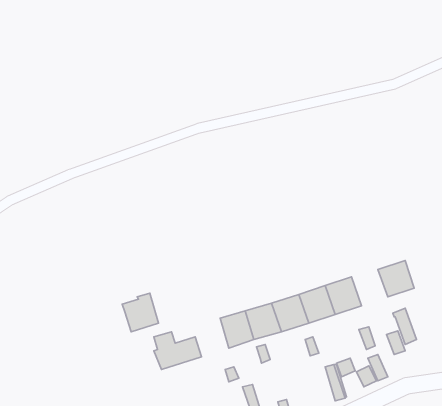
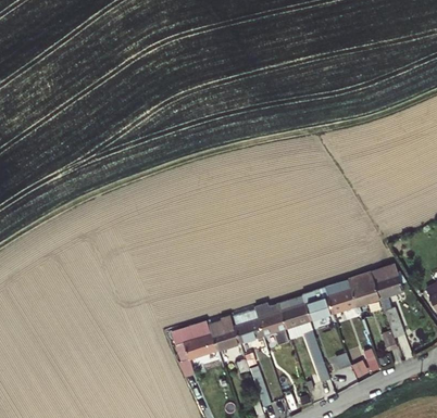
building: none -> [348,271,379,305]
building: [122,293,159,332] -> [210,316,241,350]

